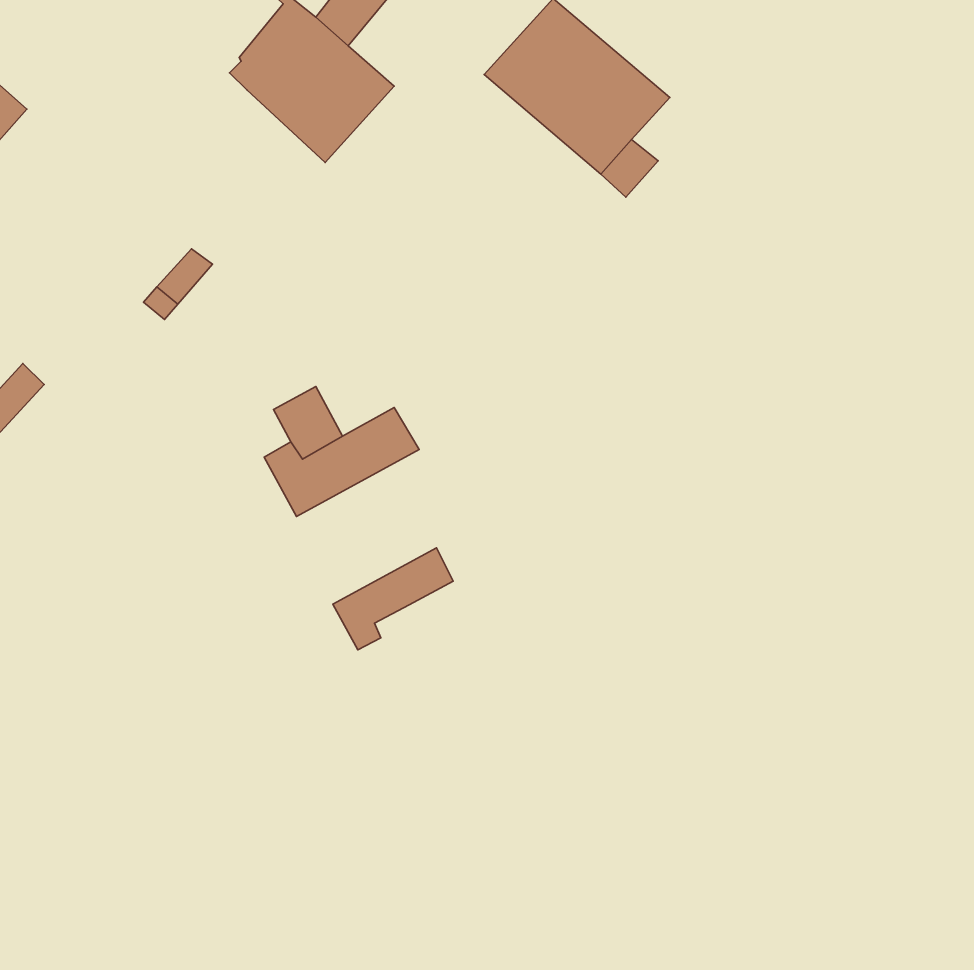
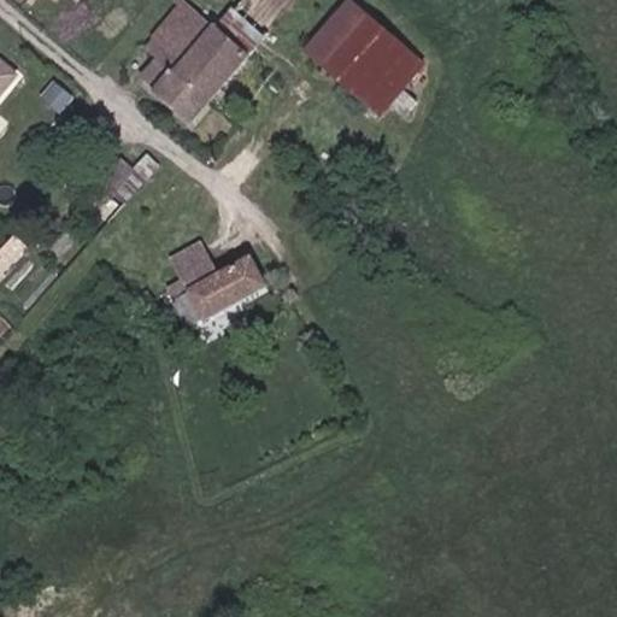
building: none -> [141,57,205,121]
building: [333,548,453,650] -> none

